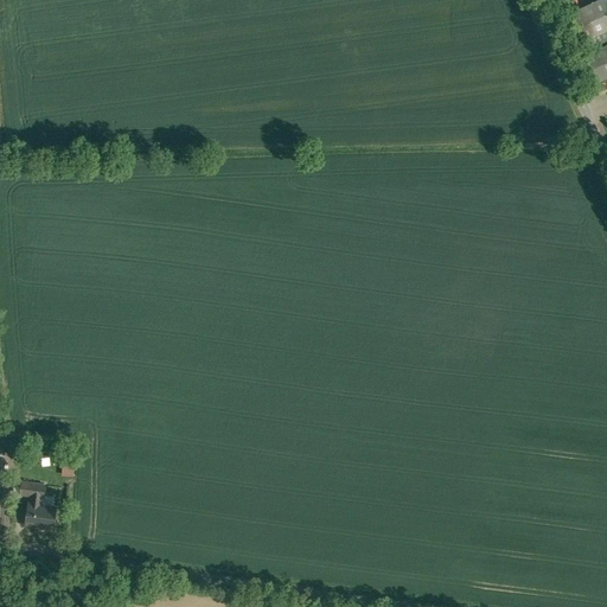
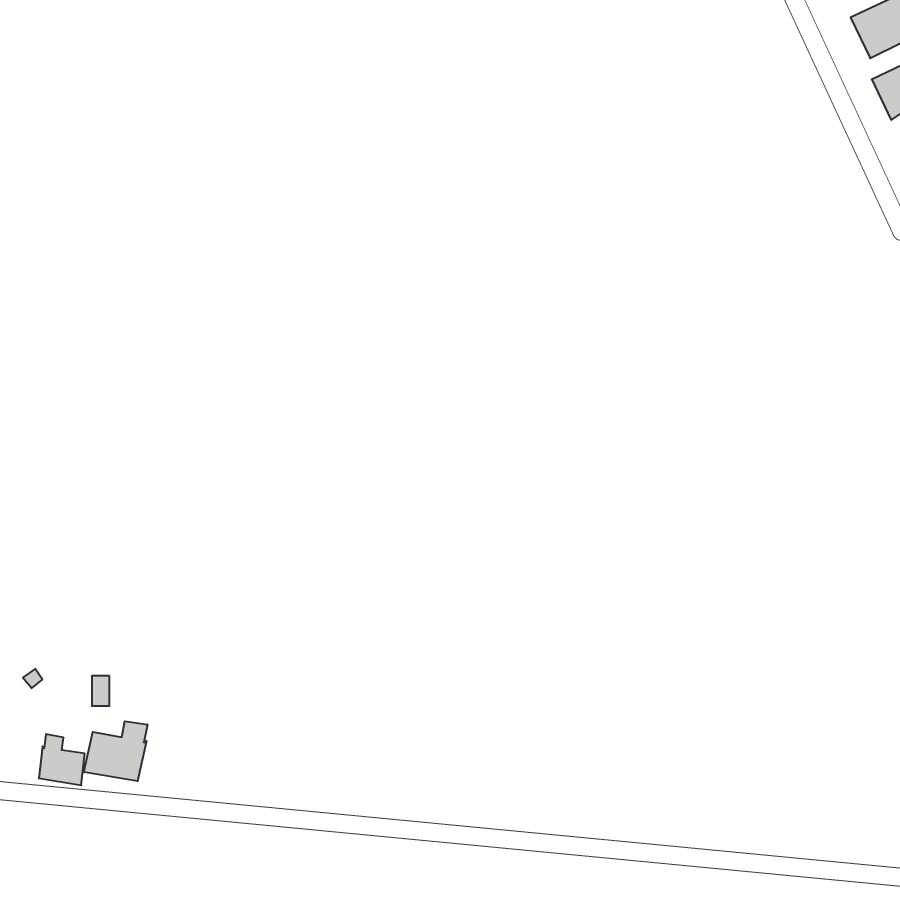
building: none -> [84,721,147,781]

